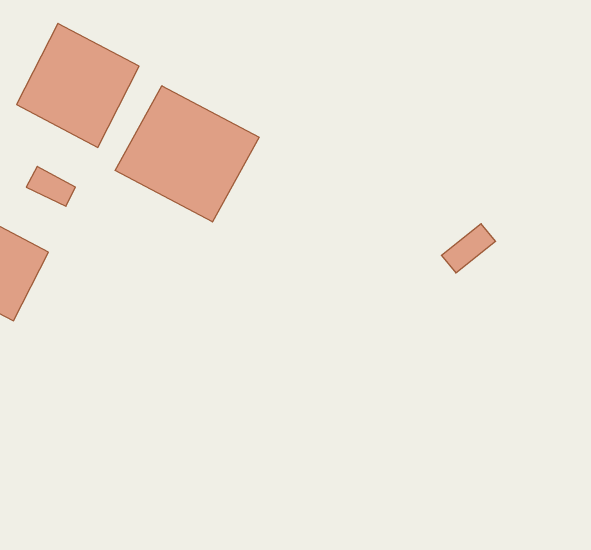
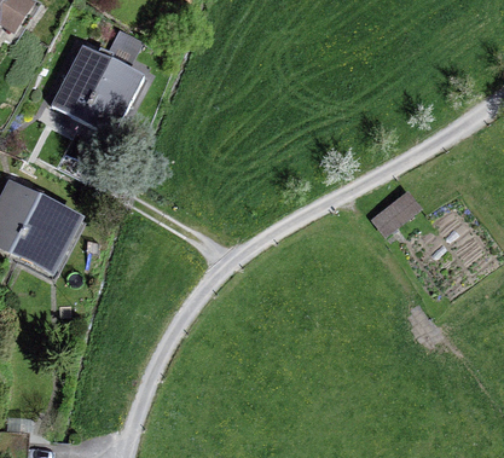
building: [115,86,259,222] -> none

